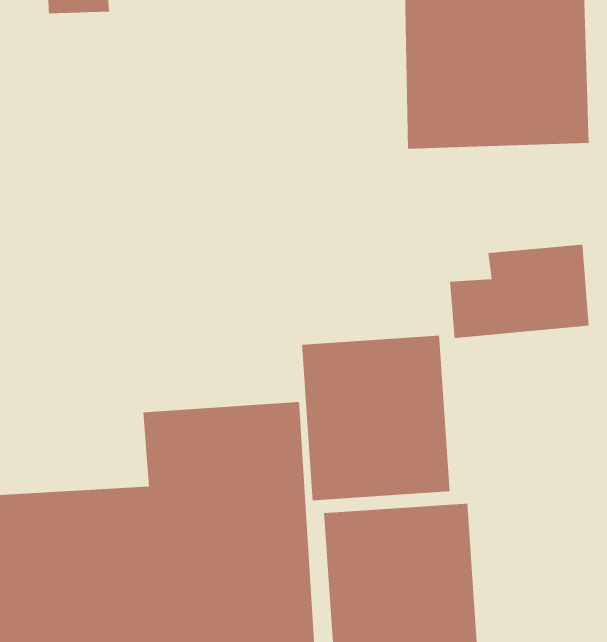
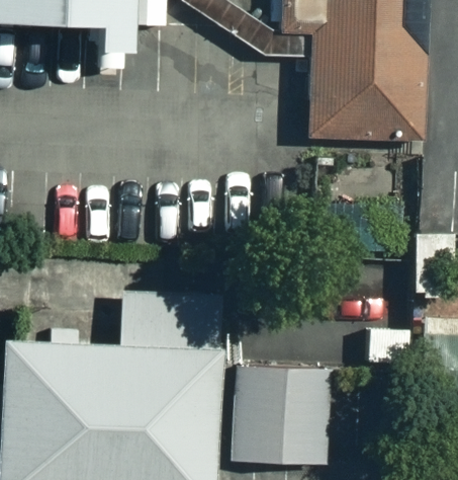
building: [301,335,450,501] -> none

